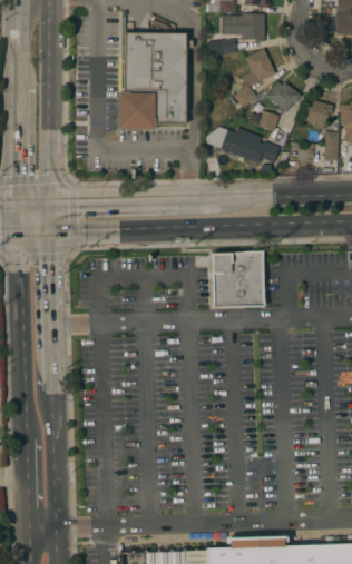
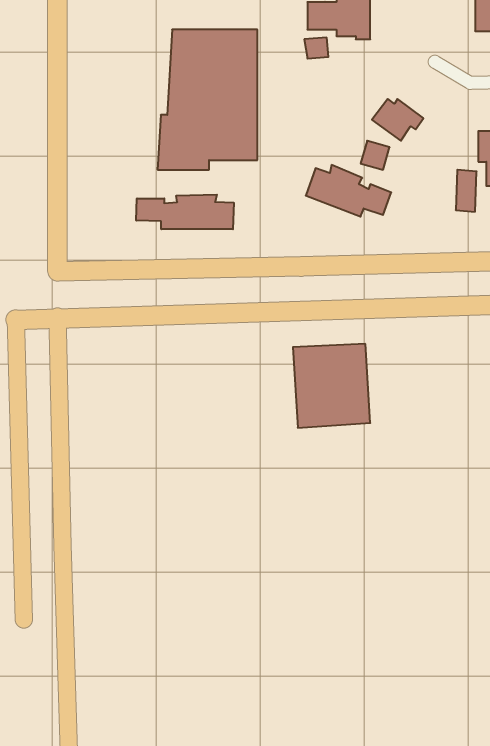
building: [234,49,275,107] -> none
building: [303,99,333,130] -> none
building: none -> [136,195,234,229]

